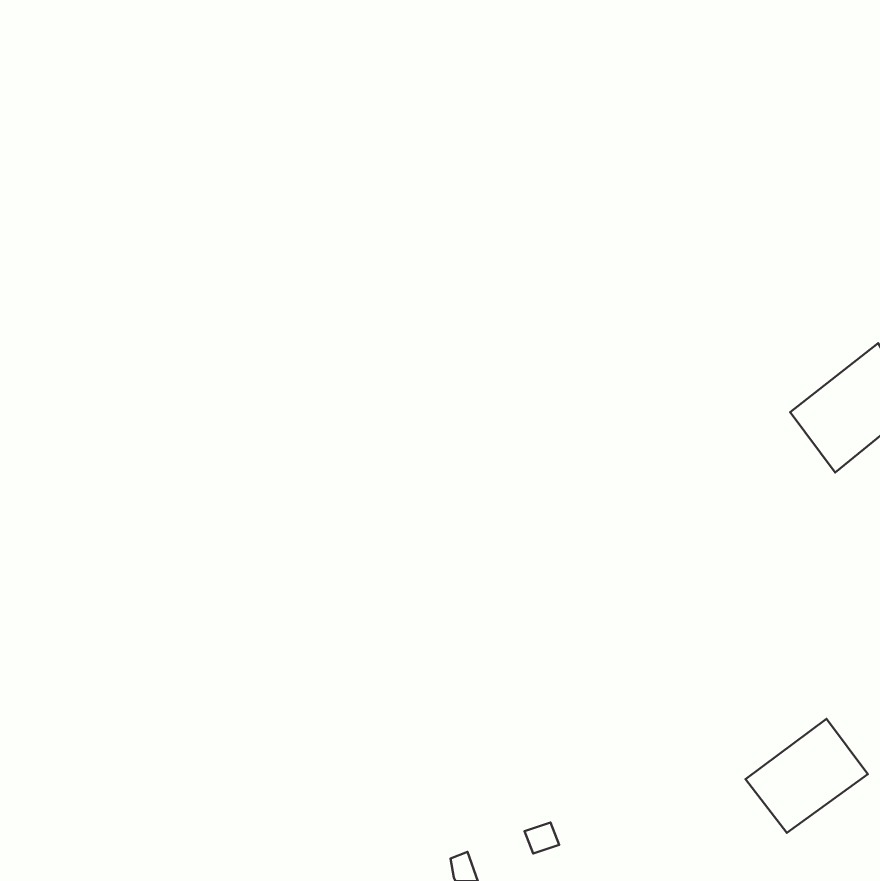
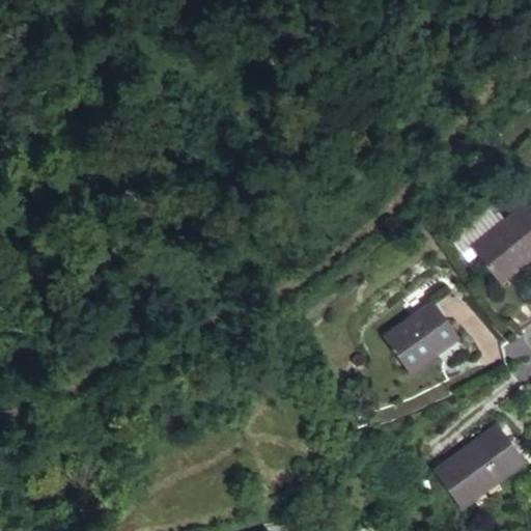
building: none -> [384,299,458,369]

